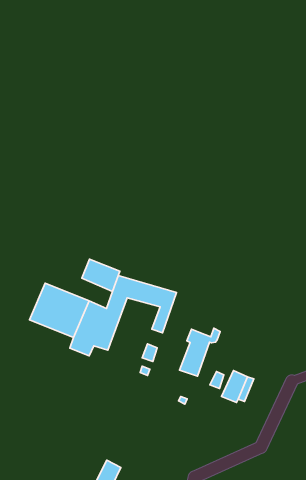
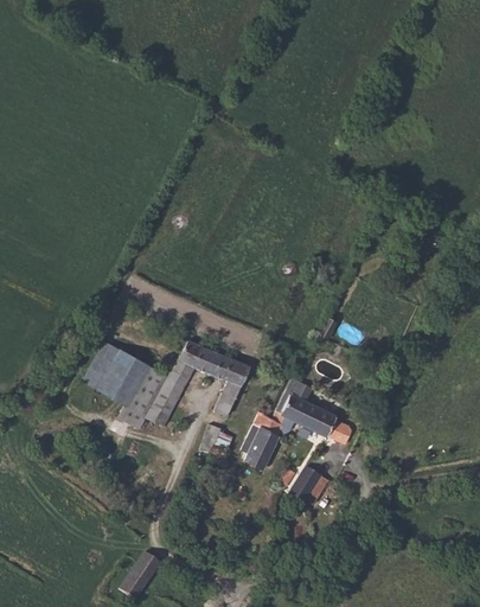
building: [82,259,120,291] -> none
building: none -> [280,394,351,445]

